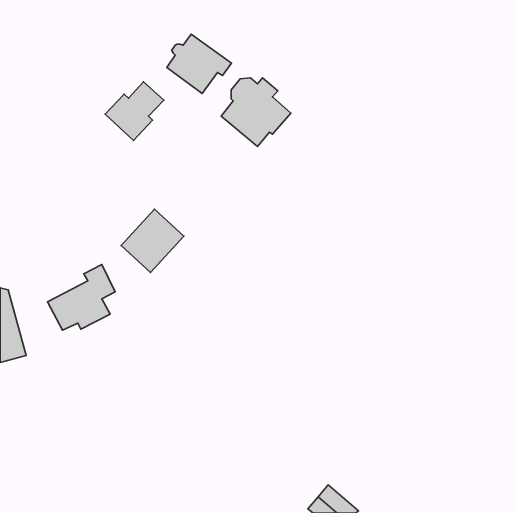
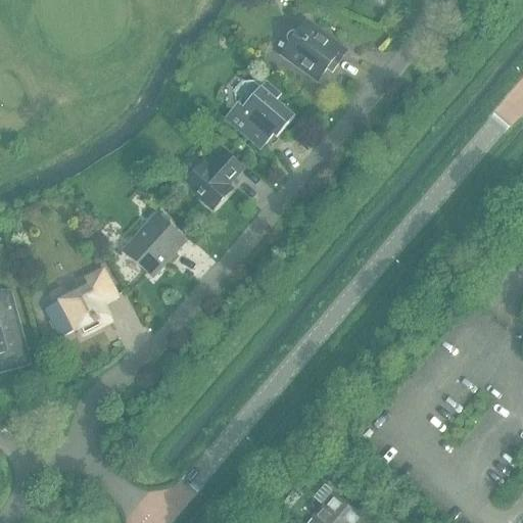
building: [167,34,232,94] -> [281,19,346,80]
building: [105,82,164,141] -> [184,148,243,207]

